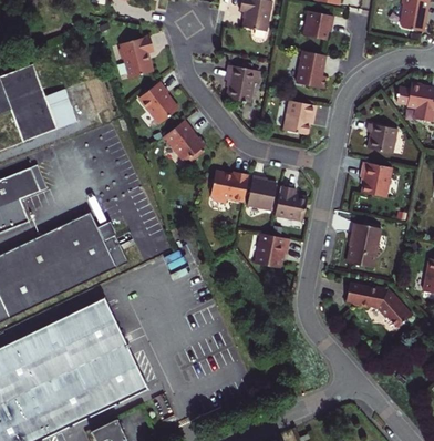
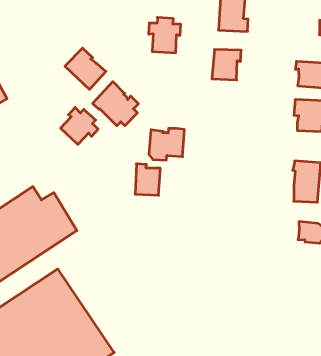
building: [121,37,156,80] -> none
building: none -> [61,107,98,144]
building: [248,175,277,209] -> [135,164,160,195]
building: [275,186,309,222] -> none
building: [255,233,290,268] -> none

